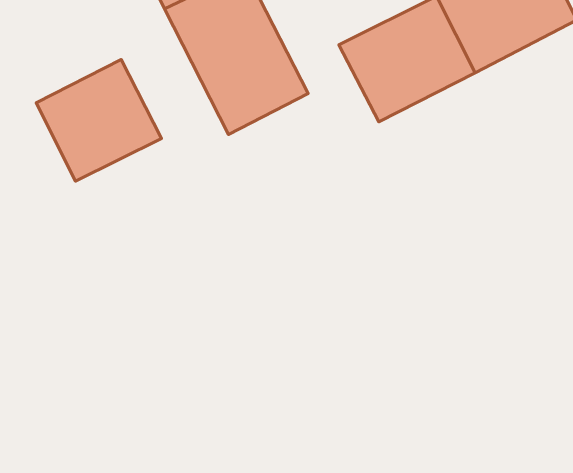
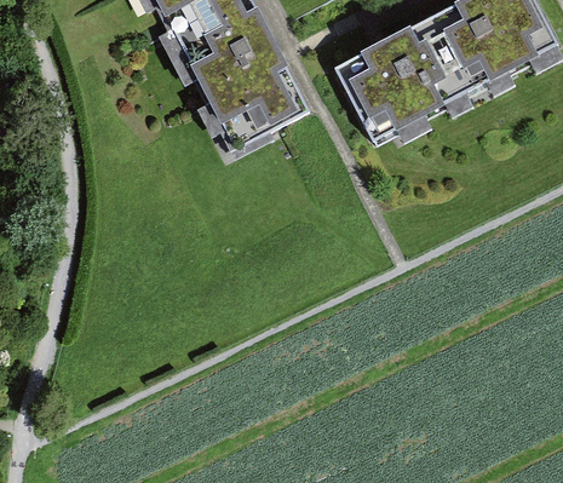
building: [36,59,161,181] -> none

